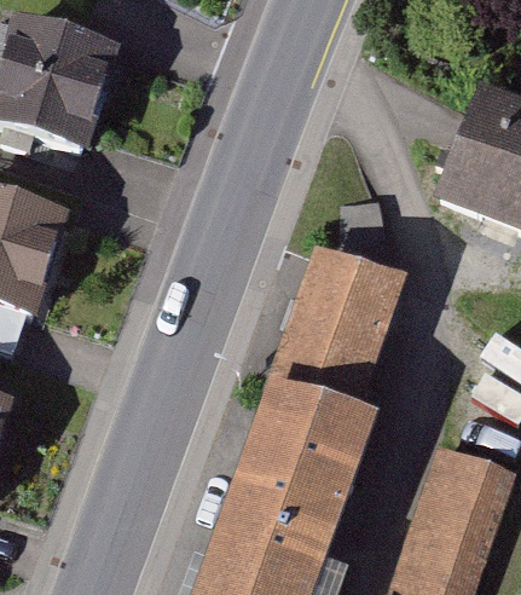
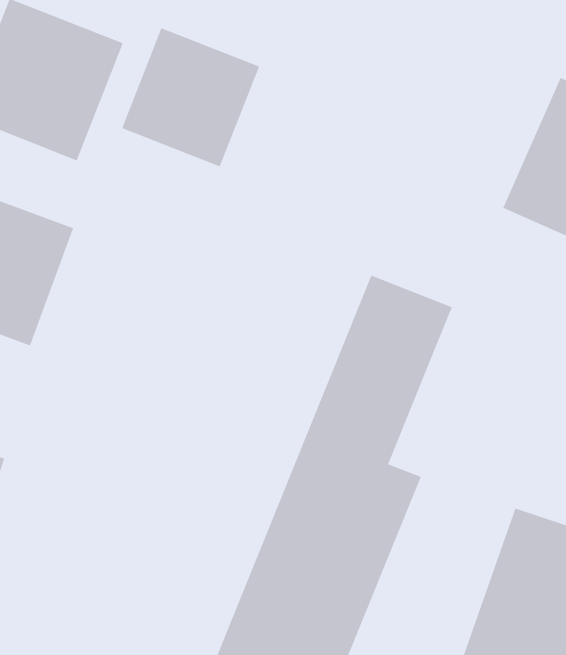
building: none -> [121,27,260,168]

